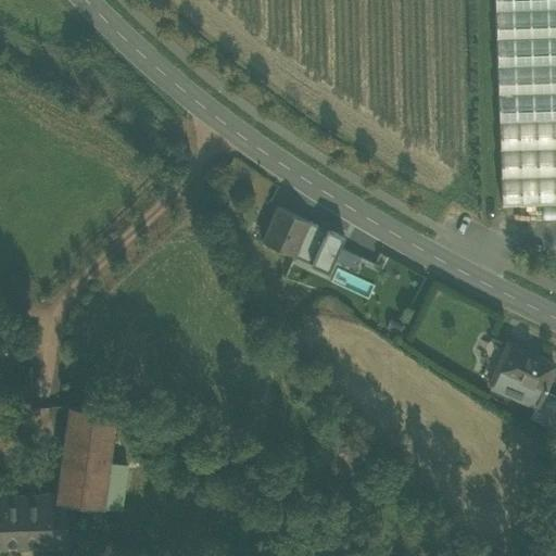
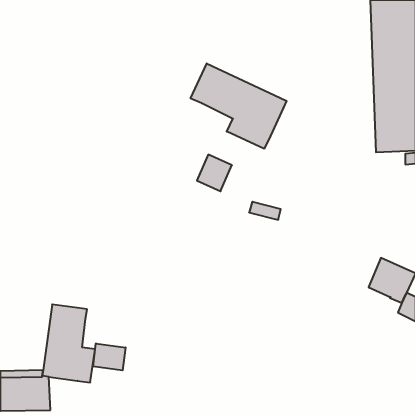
building: none -> [191,63,287,149]
building: [295,222,345,271] -> none
building: none -> [93,343,126,370]

